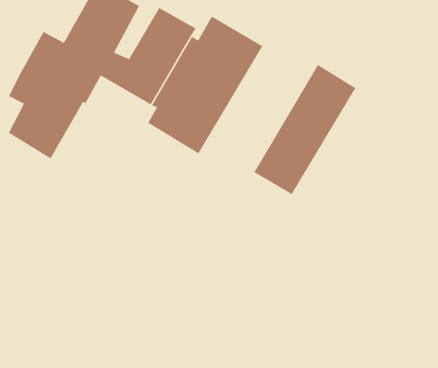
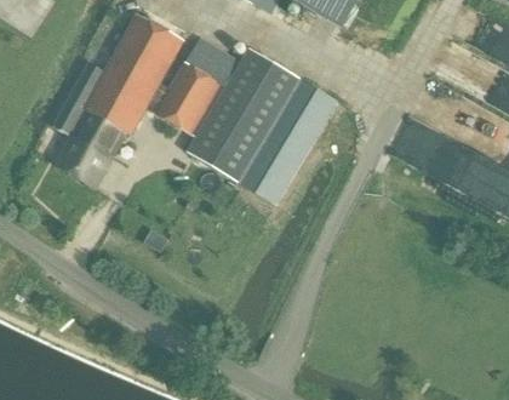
building: [253,64,356,195] -> [238,78,337,204]

